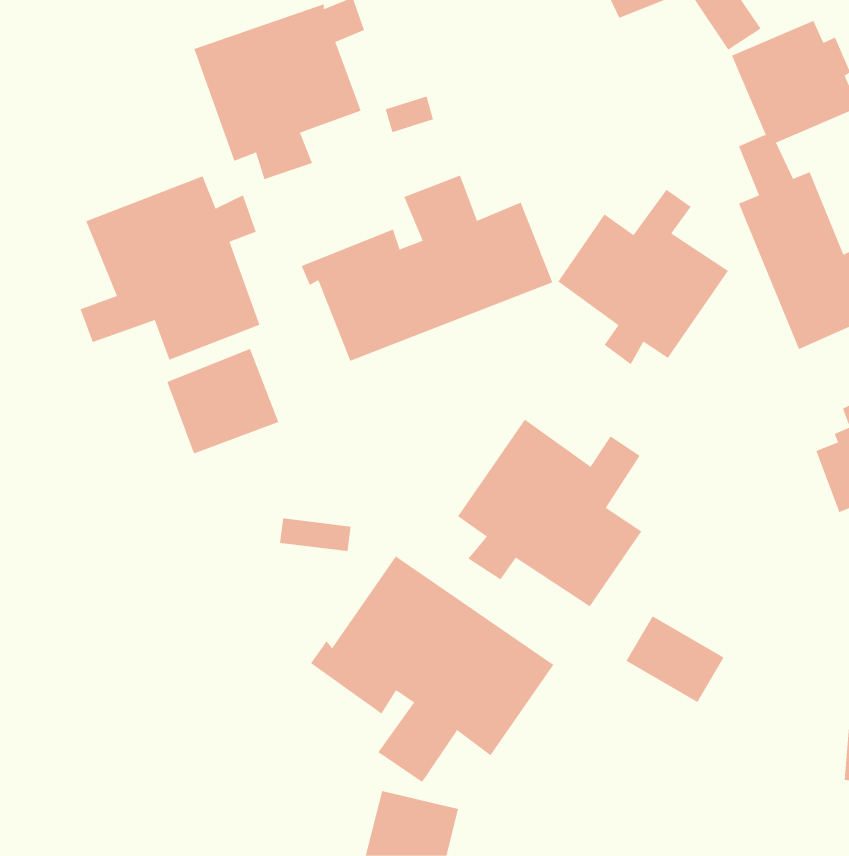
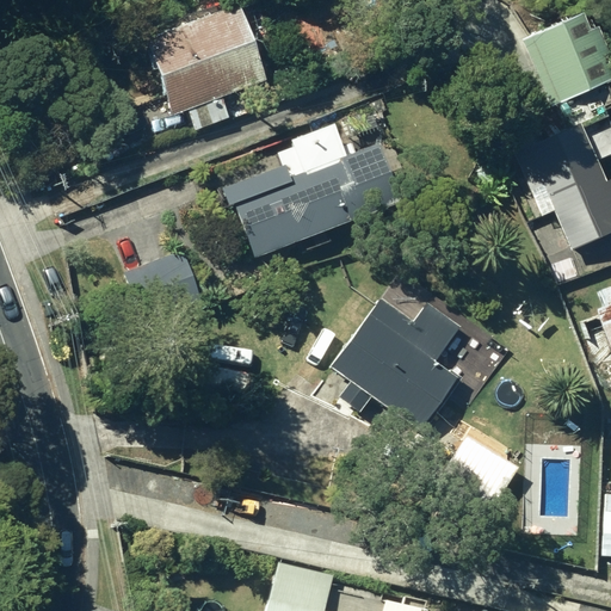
building: [80,176,260,360] -> none
building: [557,189,729,365] -> none
building: [310,555,554,783] -> none

